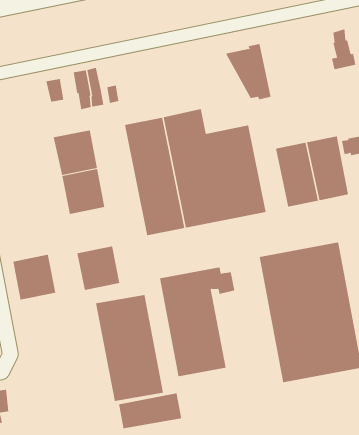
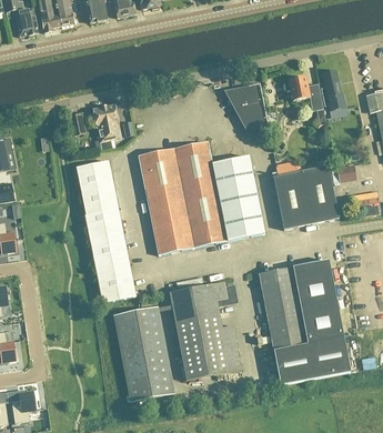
building: none -> [283,75,324,125]
building: [12,254,56,300] -> [89,228,128,269]
building: [119,392,182,429] -> none

